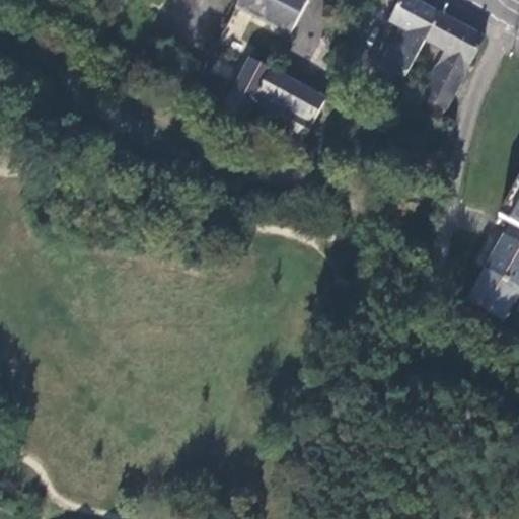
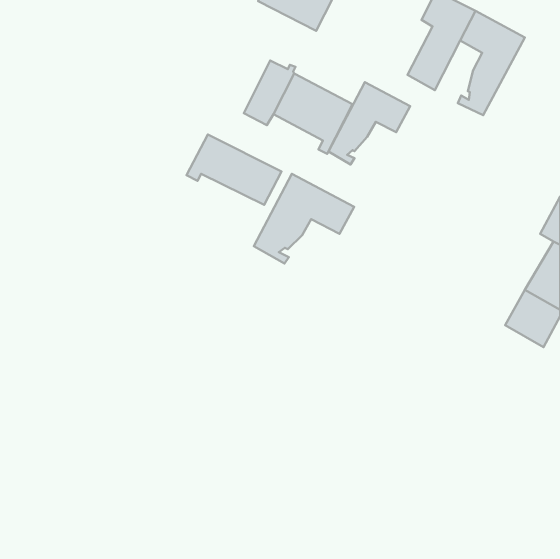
building: none -> [328,82,410,165]
building: none -> [186,135,281,205]
building: none -> [254,174,354,264]

